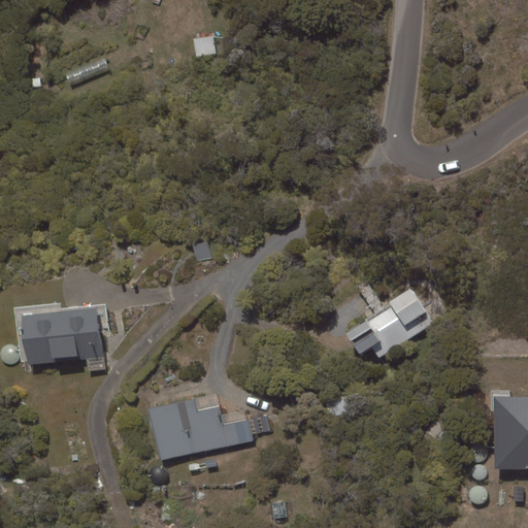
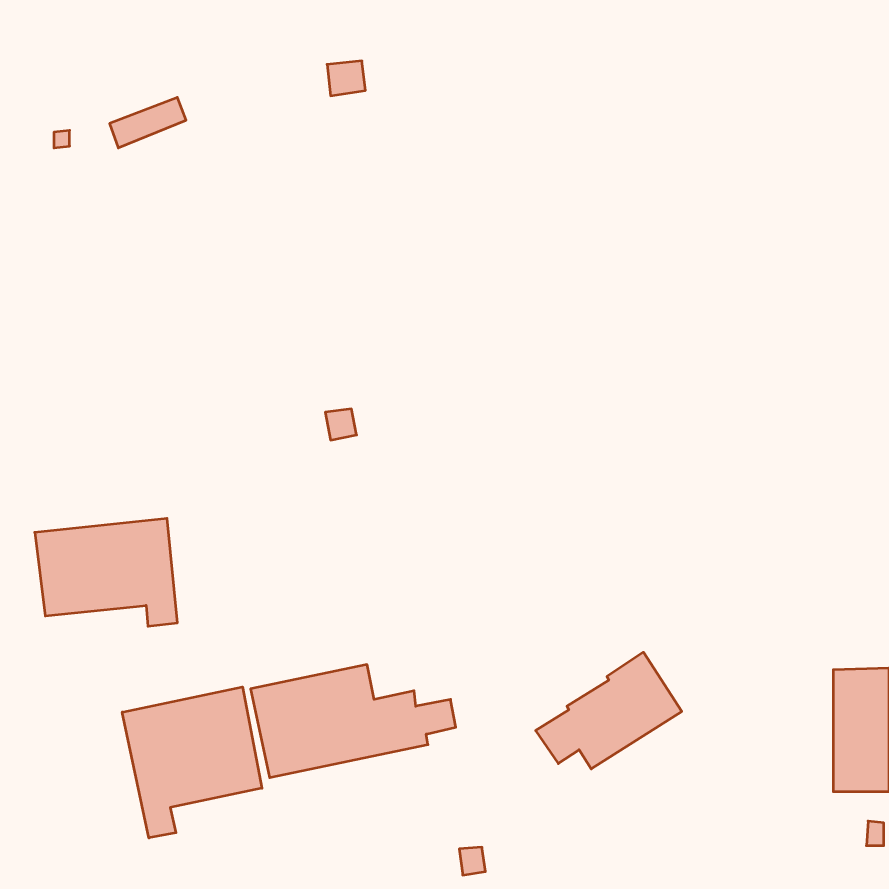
building: [346,288,433,357] -> [536,652,682,769]
building: none -> [122,687,262,838]

